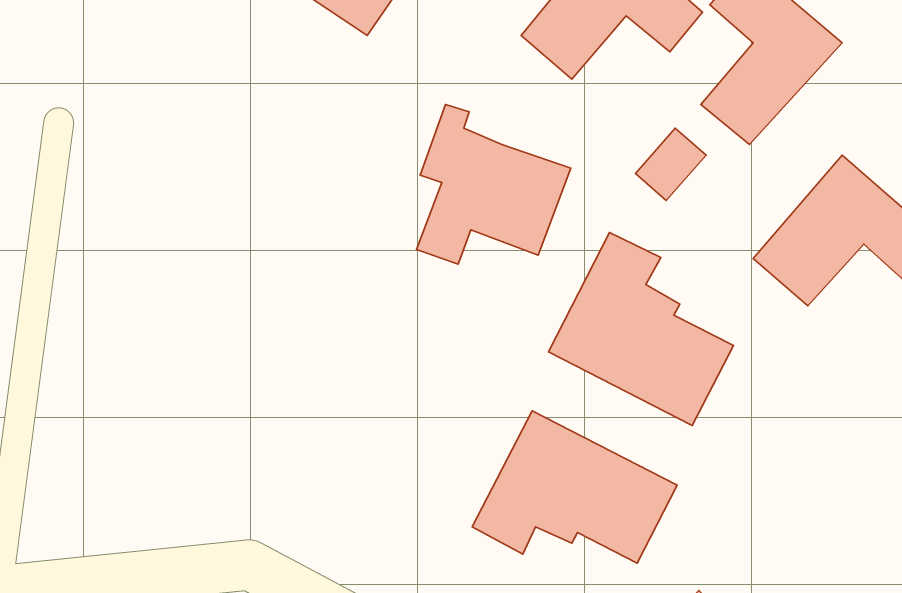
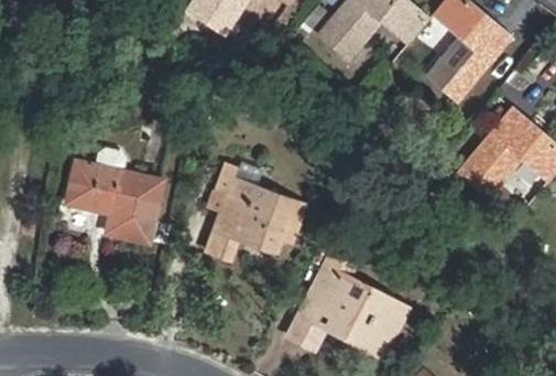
building: [417,105,571,264] -> [206,163,299,260]
building: [549,232,733,425] -> none
building: none -> [65,161,164,244]

